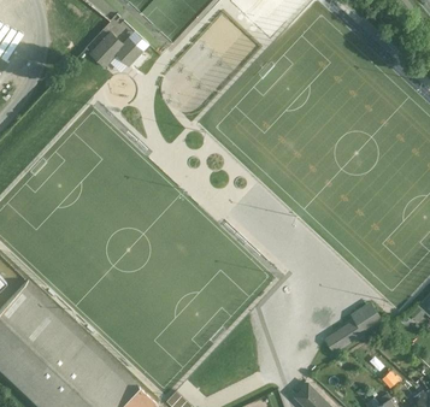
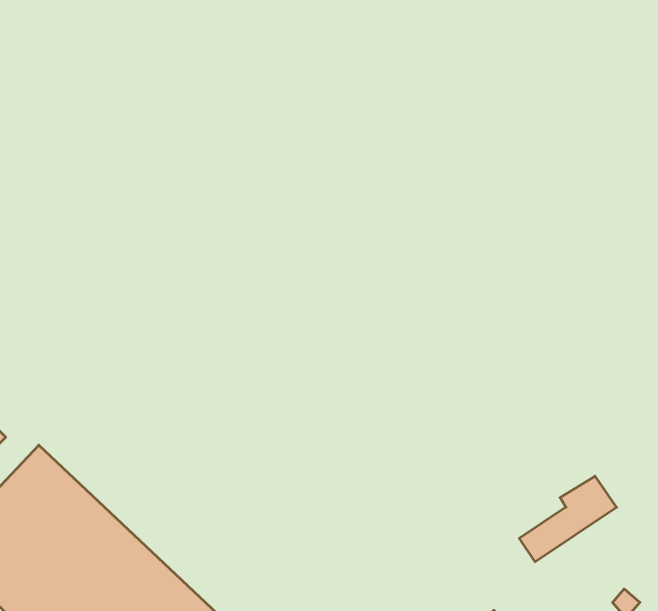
building: [92,31,151,67] -> none

